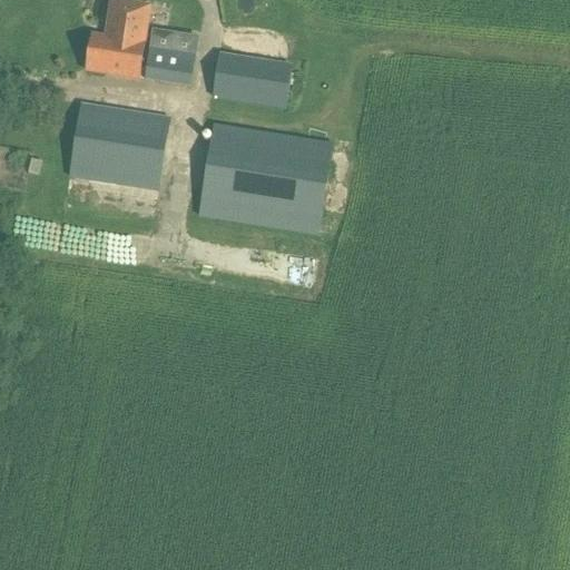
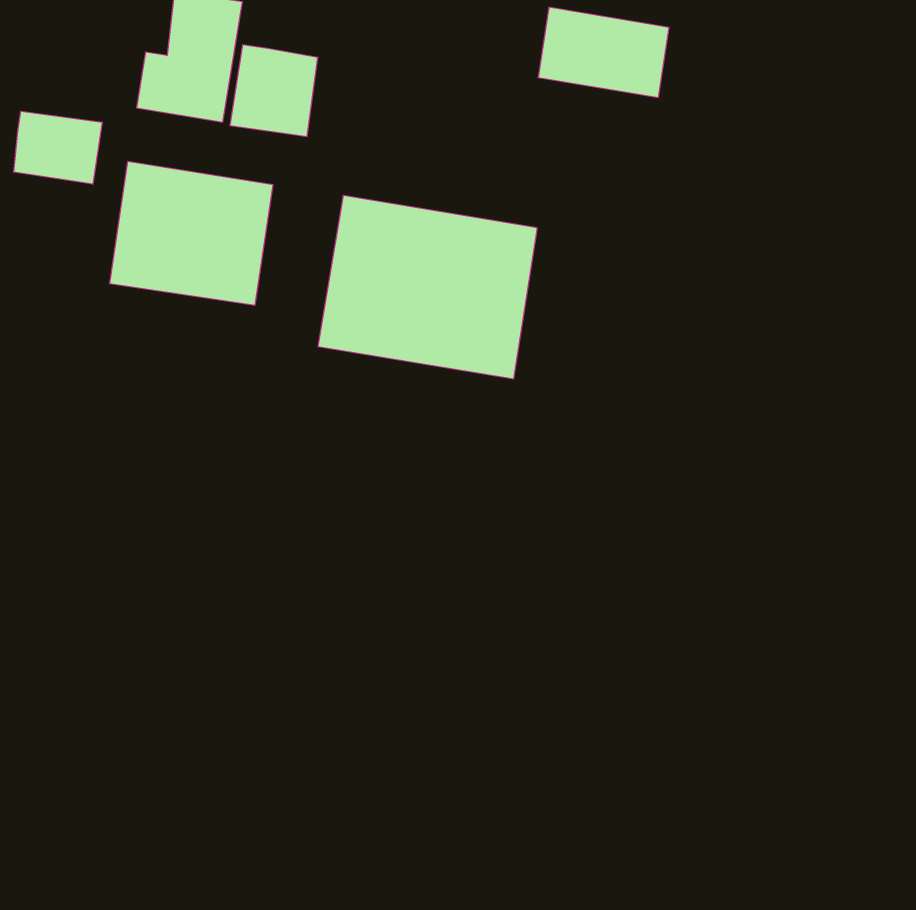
building: [210,51,292,107] -> [538,8,669,97]
building: none -> [14,111,102,184]

